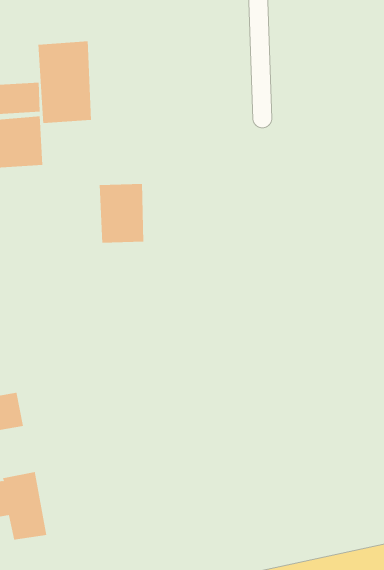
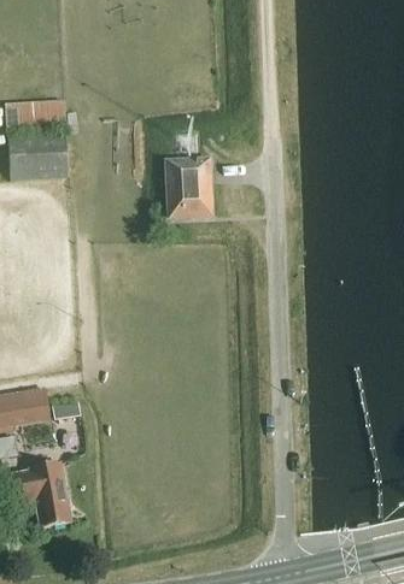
building: [38,40,91,124] -> none
building: [99,184,144,243] -> [170,160,212,216]

